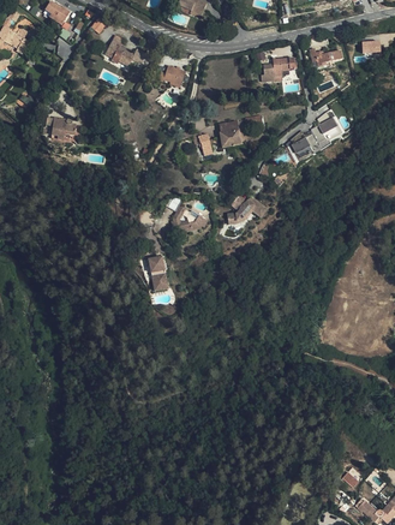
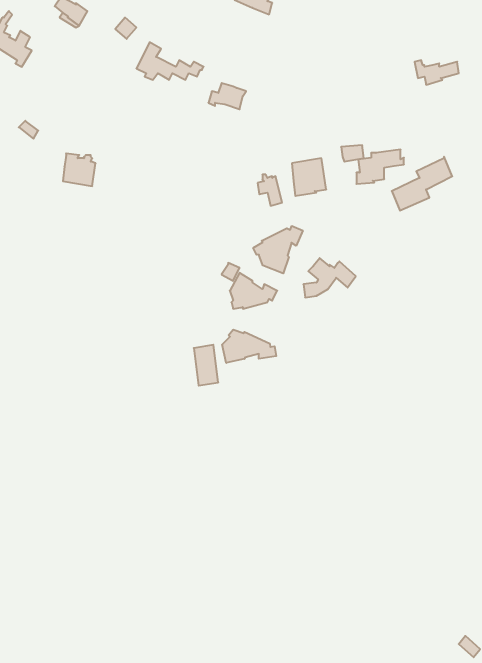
building: [262,56,297,82] -> [356,150,404,184]
building: none -> [253,226,303,273]
building: none -> [222,330,276,363]

